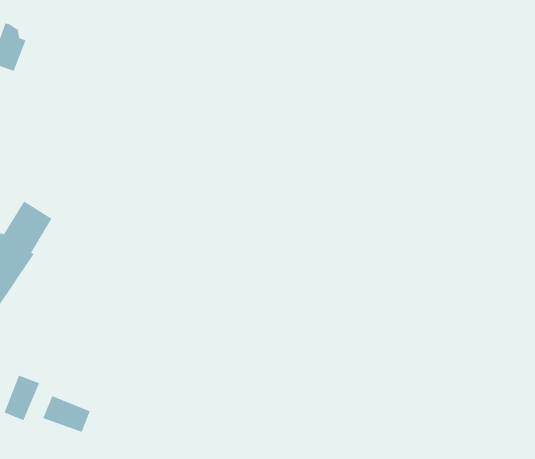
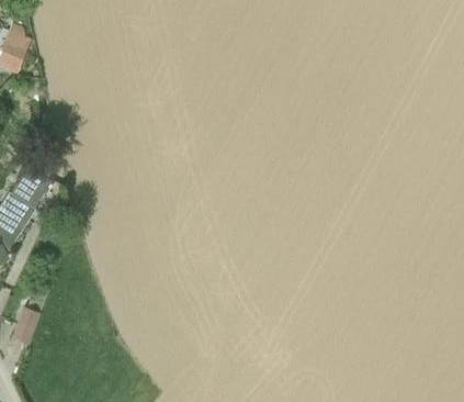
building: [42,395,91,433] -> none

